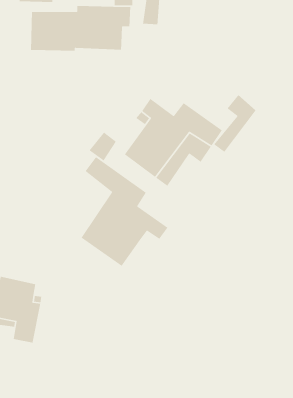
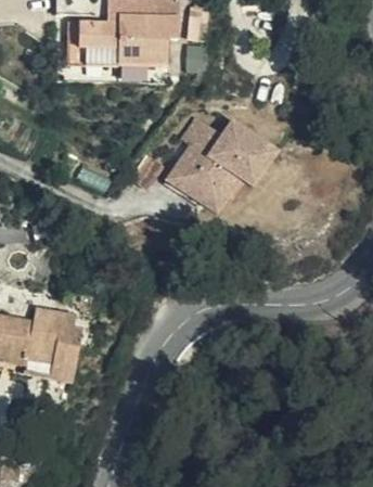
building: [213,94,256,153] -> none
building: [81,156,169,267] -> none

